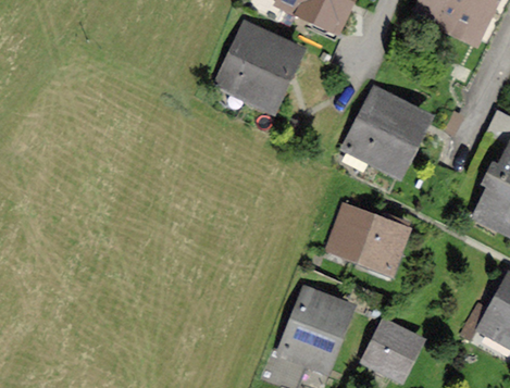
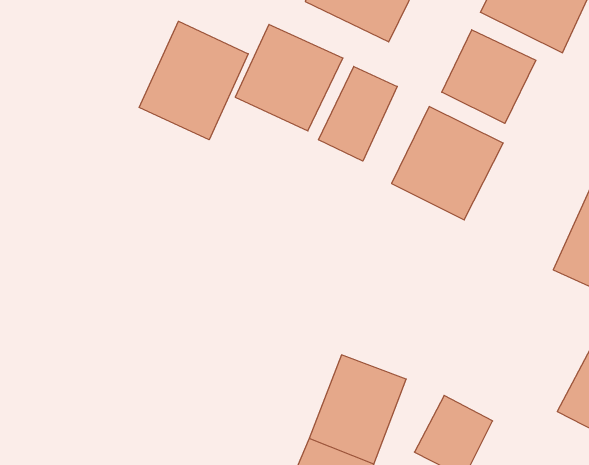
building: none -> [139,21,248,140]
building: none -> [442,30,536,123]
building: none -> [319,66,397,161]
building: [324,203,410,274] -> none

